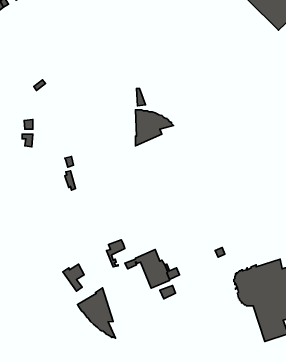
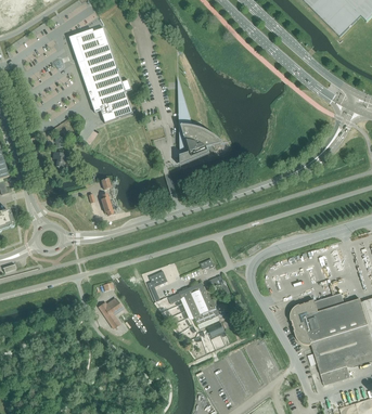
building: none -> [69,26,132,121]
building: [77,288,115,338] -> none

